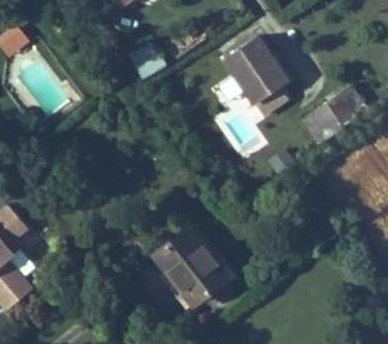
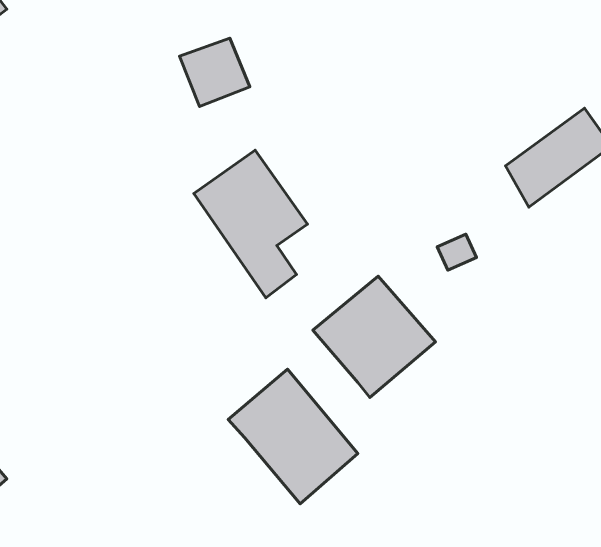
building: [223,36,287,119] -> [194,150,307,298]
building: none -> [313,276,435,398]

